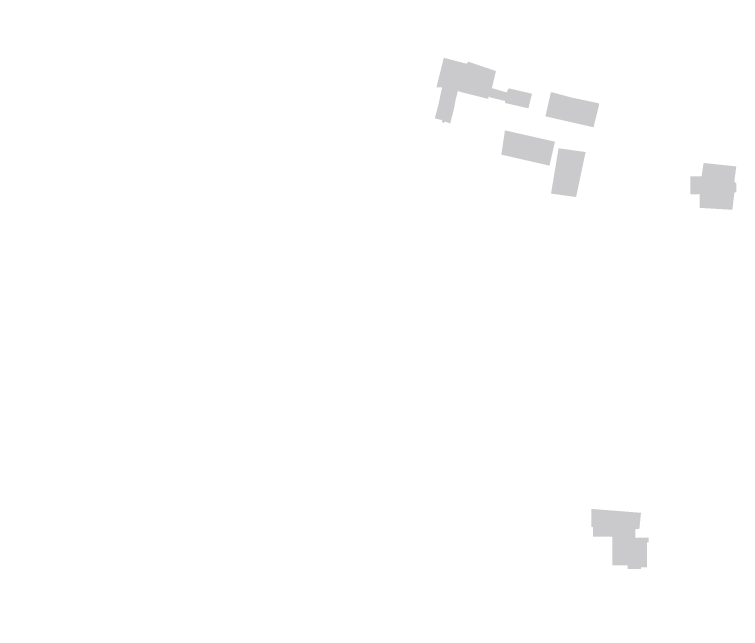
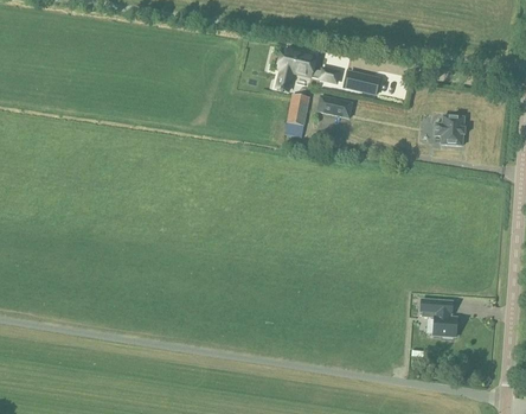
building: [550,148,586,198] -> [287,94,309,125]
building: [590,509,650,570] -> [421,300,457,338]

